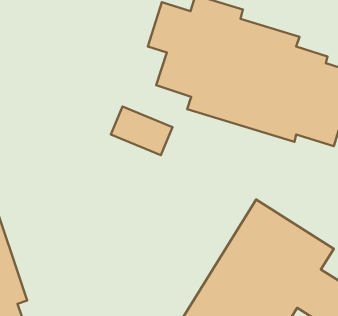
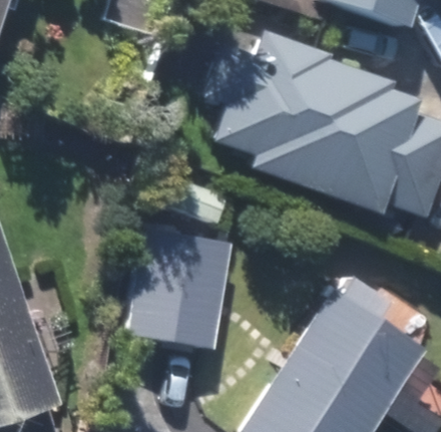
building: none -> [129,230,231,347]

